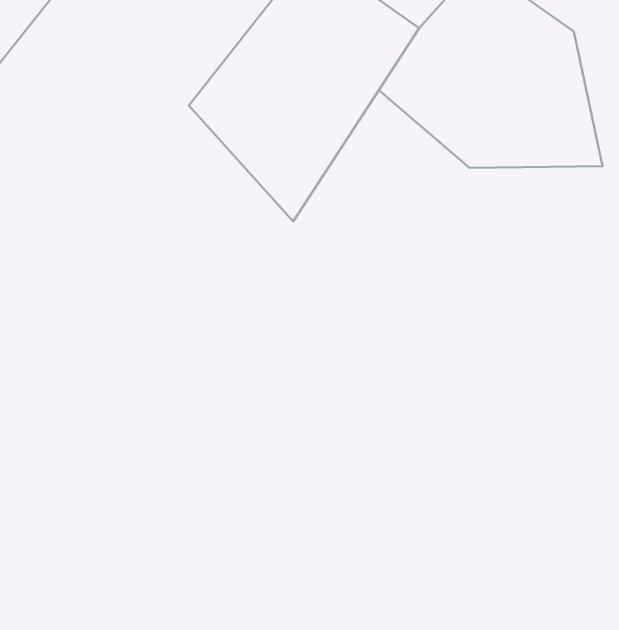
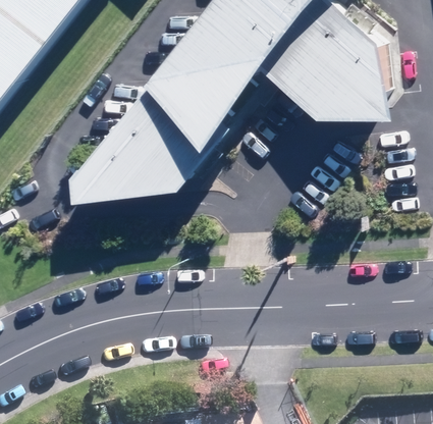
building: none -> [74,81,212,203]

